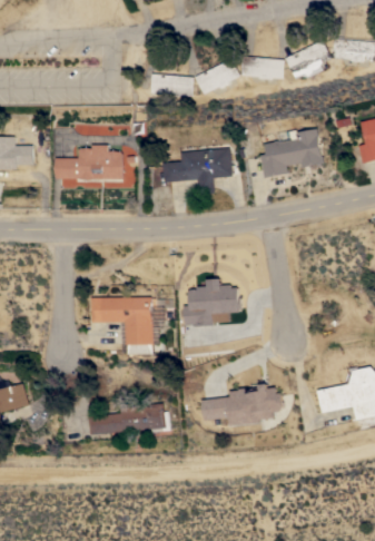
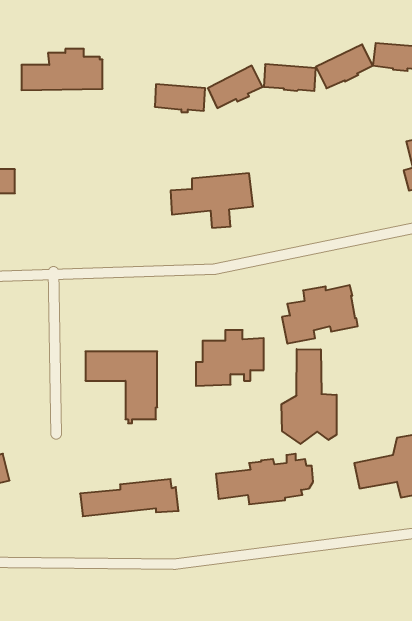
building: [260,128,324,177] -> [282,285,358,344]
building: [56,145,124,179] -> [21,49,103,90]
building: none -> [282,349,337,444]

